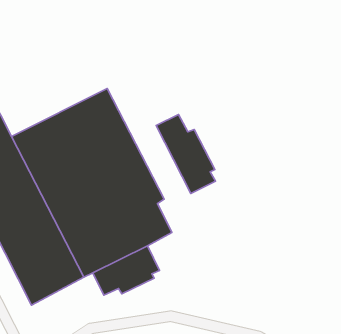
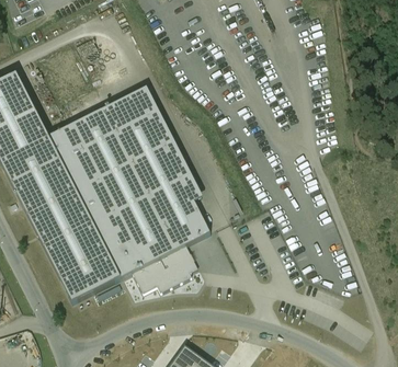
building: [156,114,216,193] -> none

